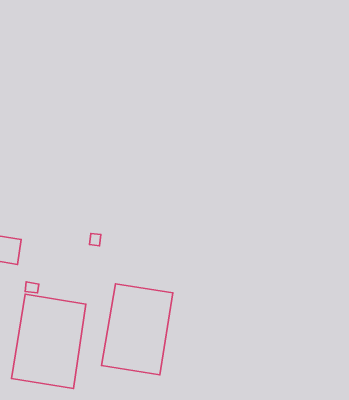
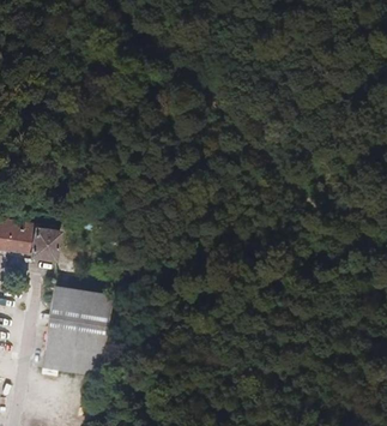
building: [101,284,173,375] -> none

